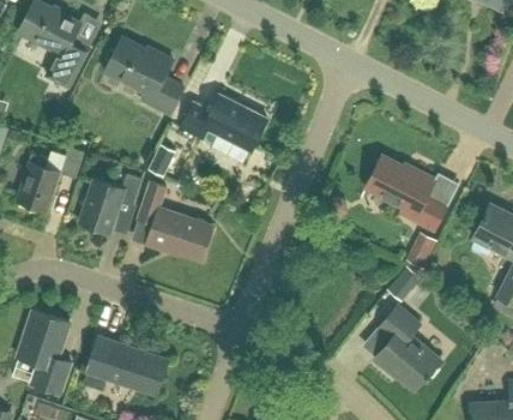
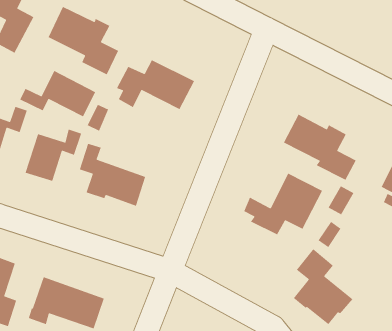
building: none -> [19,70,96,118]
building: none -> [243,172,323,236]

